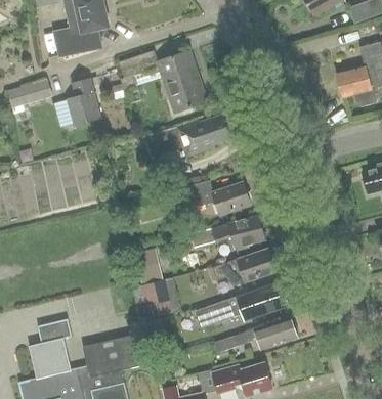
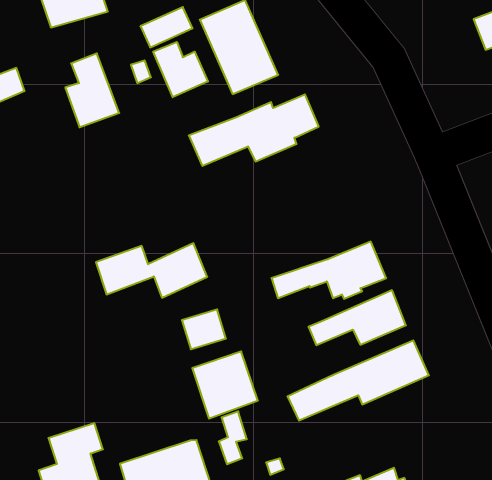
building: none -> [153,42,208,97]
building: [179,180,251,215] -> [96,243,207,298]
building: [215,316,297,352] -> none

